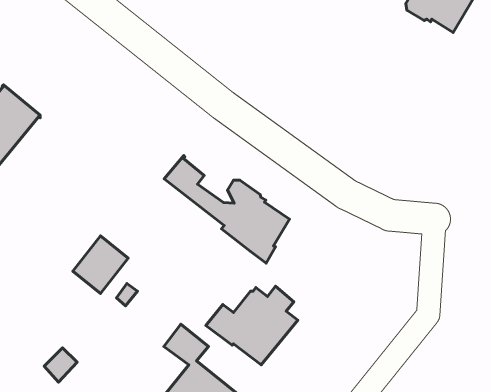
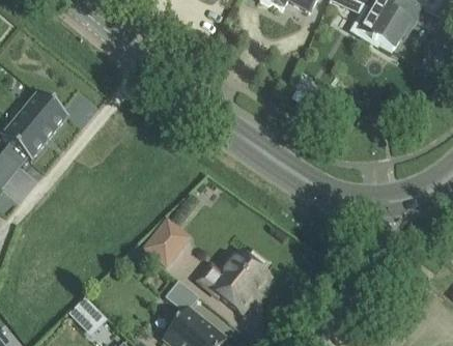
building: [164,156,289,263] -> none
building: [73,236,128,294] -> [144,220,188,265]

